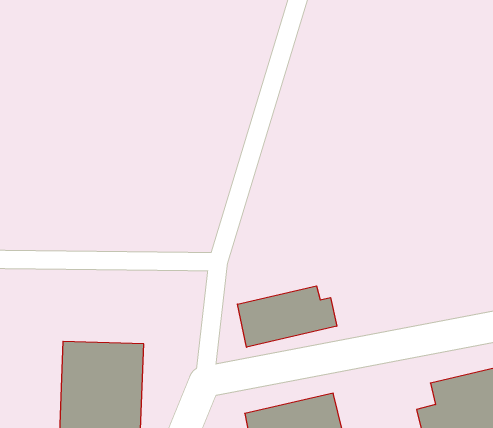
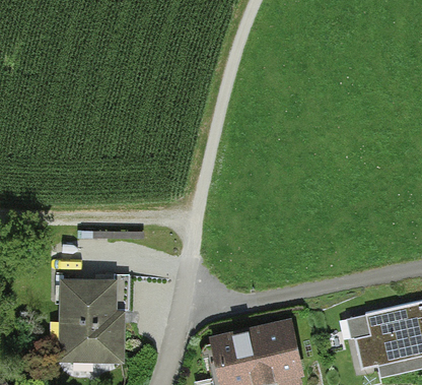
building: [237,286,337,347] -> none

